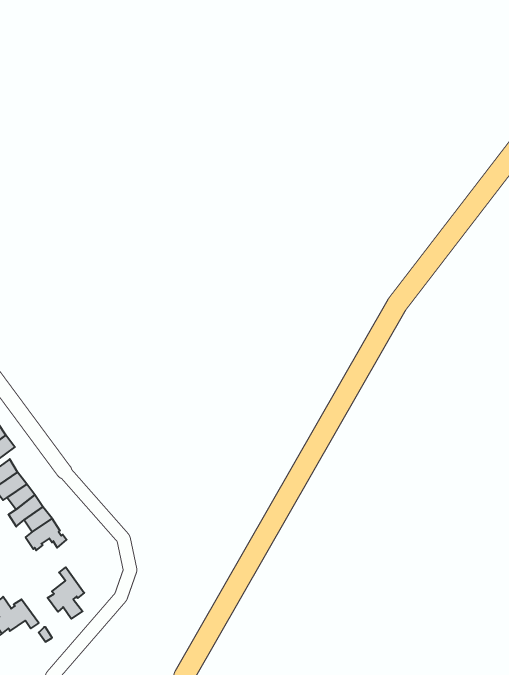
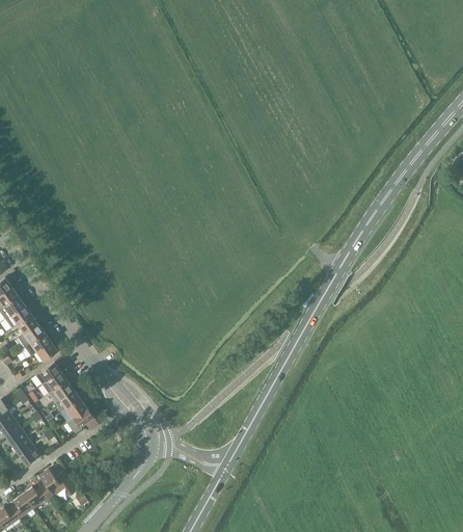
building: [48,567,84,619] -> none

